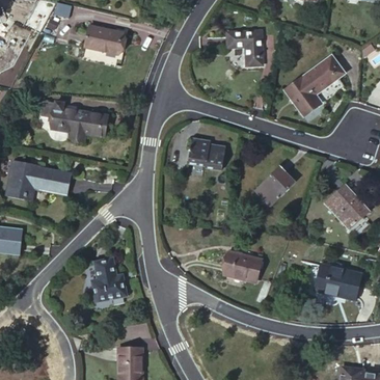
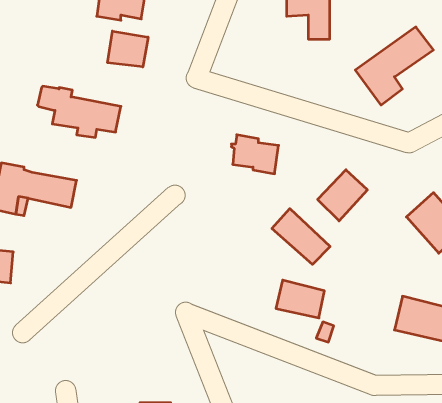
building: none -> [108,31,148,67]
building: none -> [272,209,330,264]
building: [91,257,128,300] -> none

